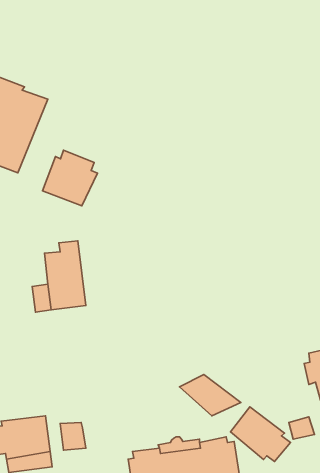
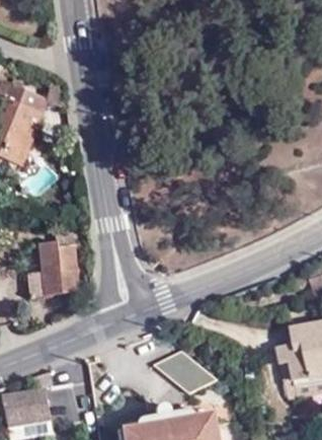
building: [42,150,97,206] -> none
building: [231,407,290,462] -> none

